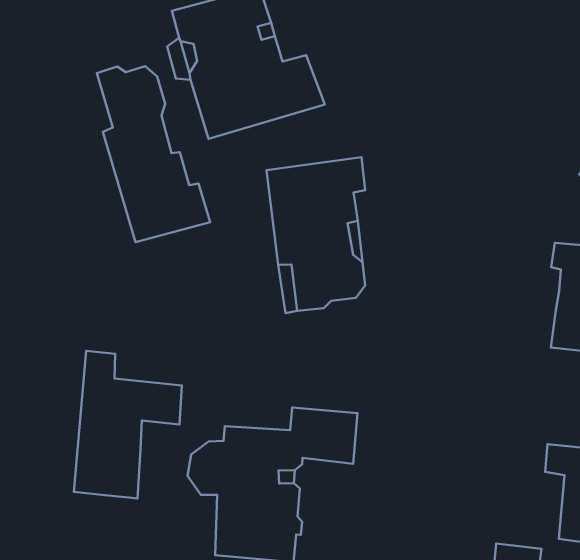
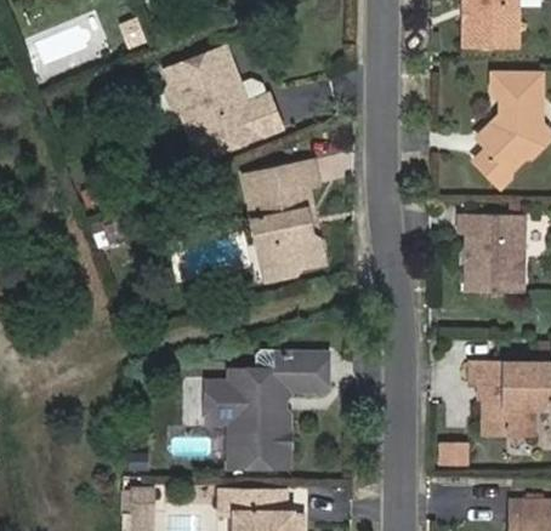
building: [97,66,210,242] -> none
building: [74,351,182,498] -> none

